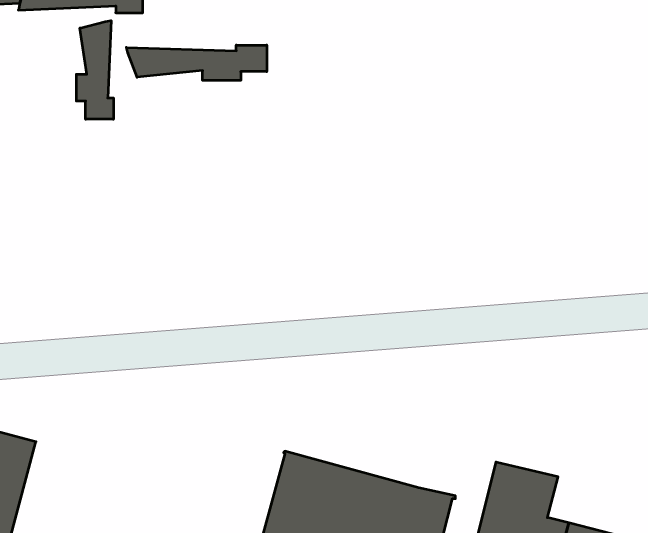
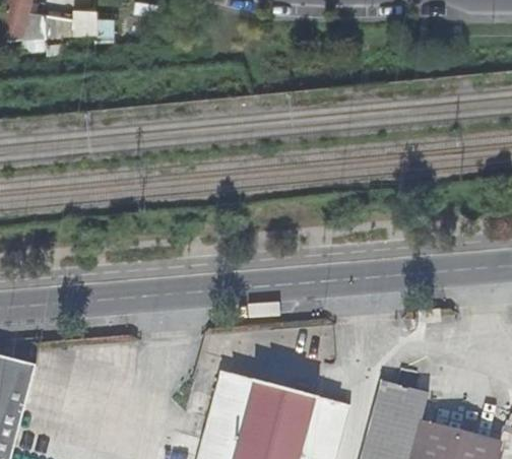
building: [76,21,113,119] -> none
building: [126,45,267,80] -> none

